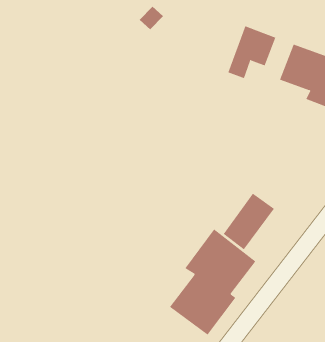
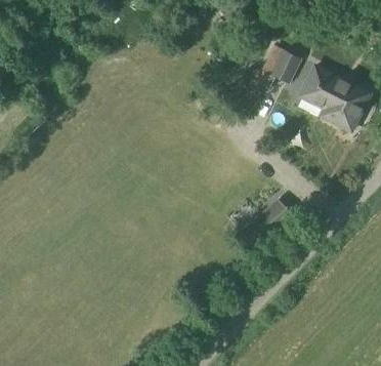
building: [169,228,256,335] -> none

